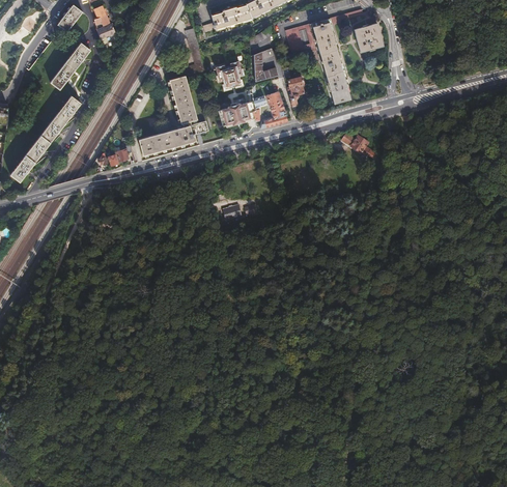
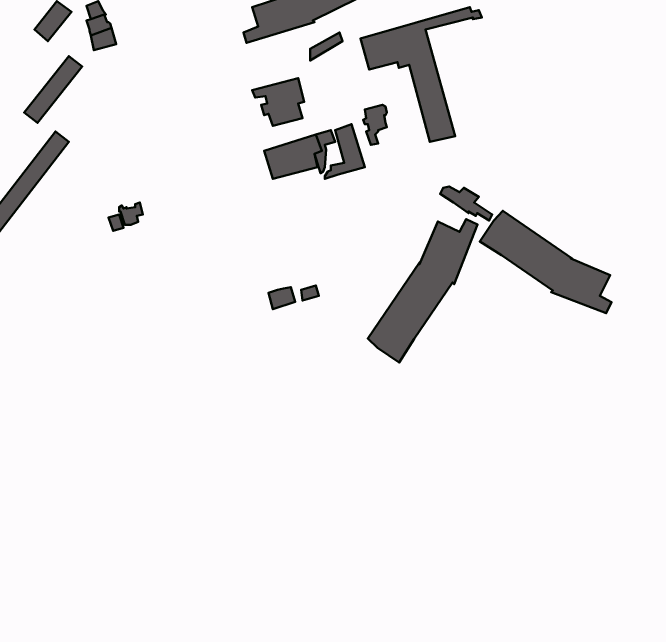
building: [354,23,383,53] -> none
building: [138,28,207,155] -> none
building: [250,49,277,82] -> none
building: none -> [480,211,611,313]
building: none -> [368,219,478,362]

